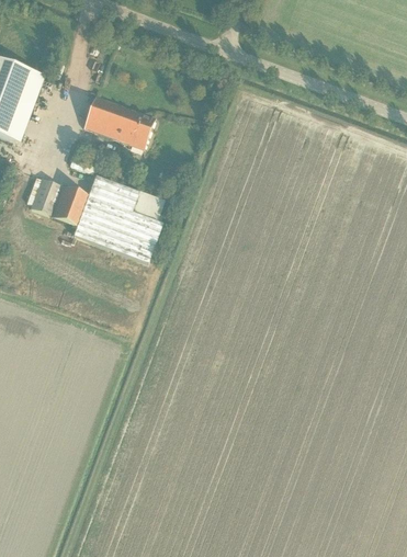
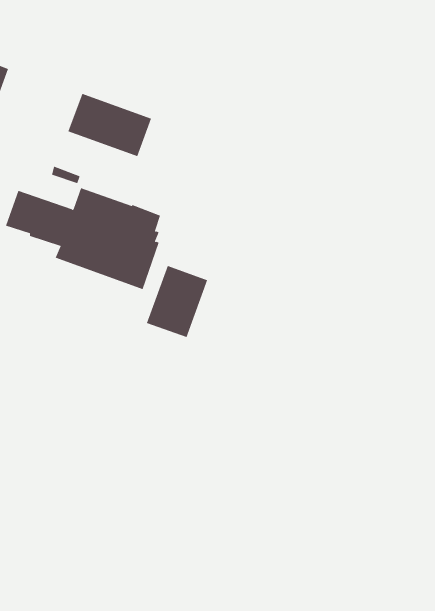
building: none -> [146,265,208,338]

